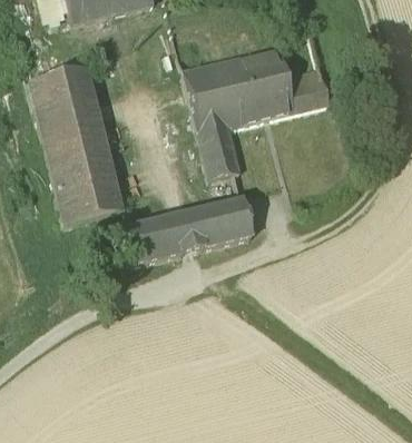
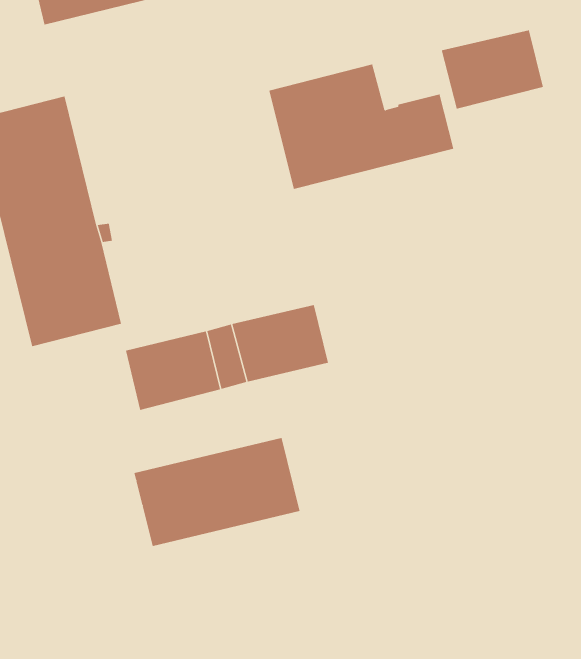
building: none -> [441,29,543,109]
building: [184,62,242,177] -> none
building: none -> [134,437,300,547]

